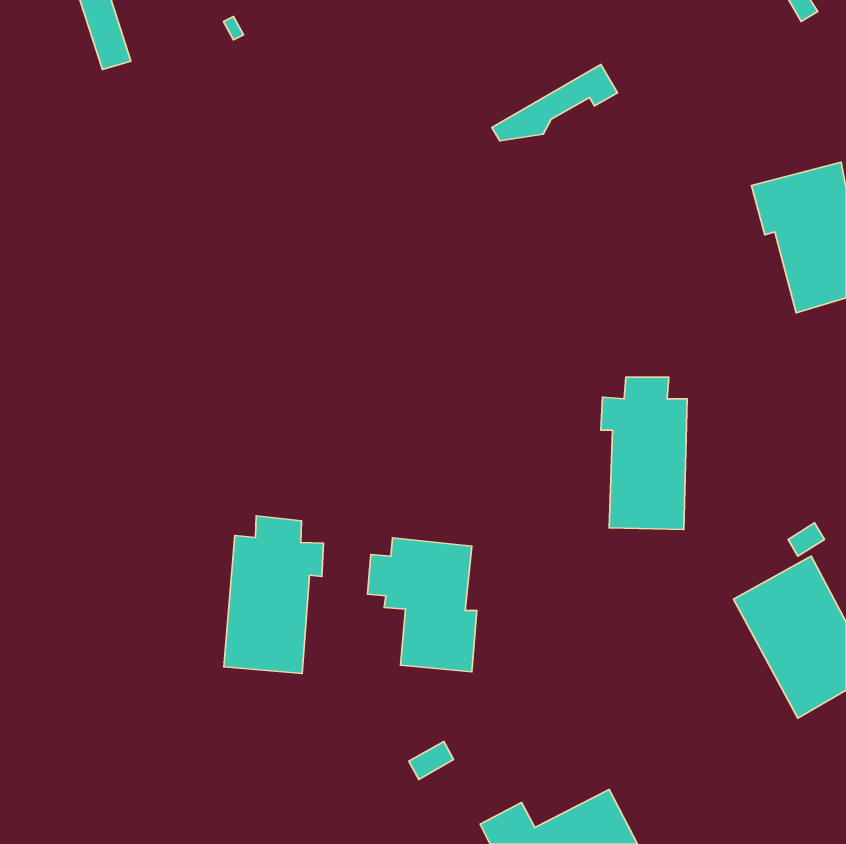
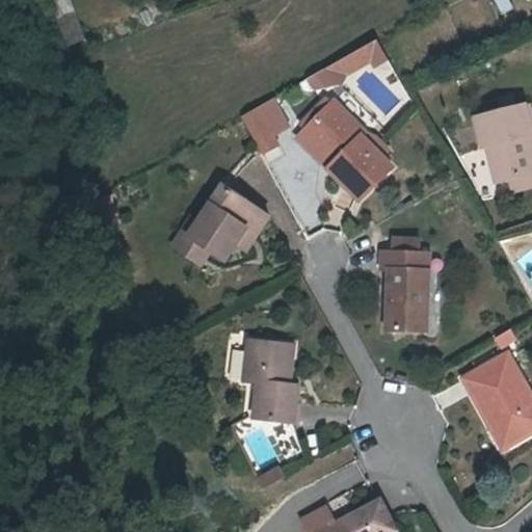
building: none -> [292,94,394,202]
building: none -> [243,100,290,153]
building: none -> [171,183,270,263]
building: [224,516,324,673] -> none

